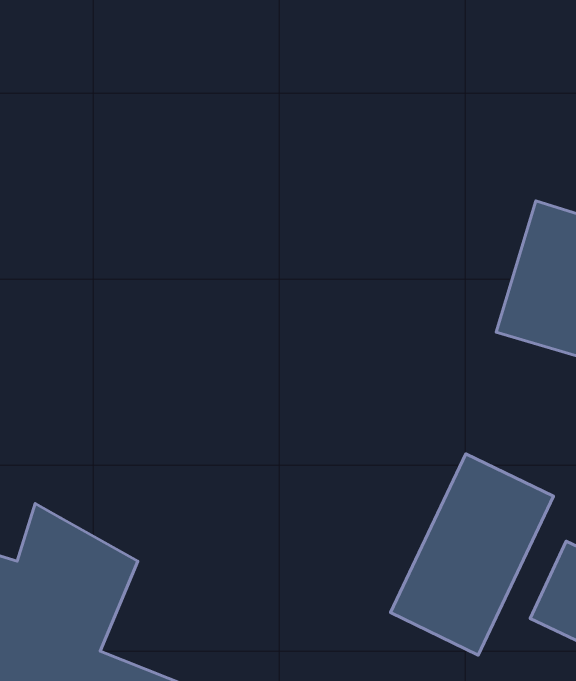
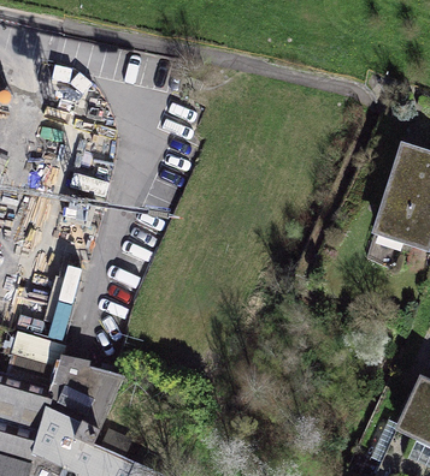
building: [390,454,553,655] -> none

